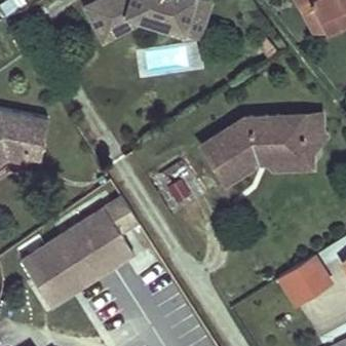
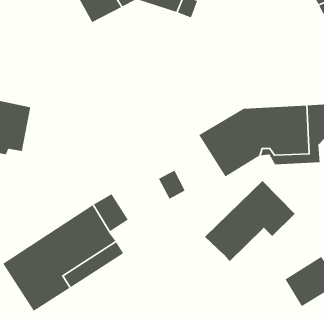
building: none -> [204,180,295,262]

